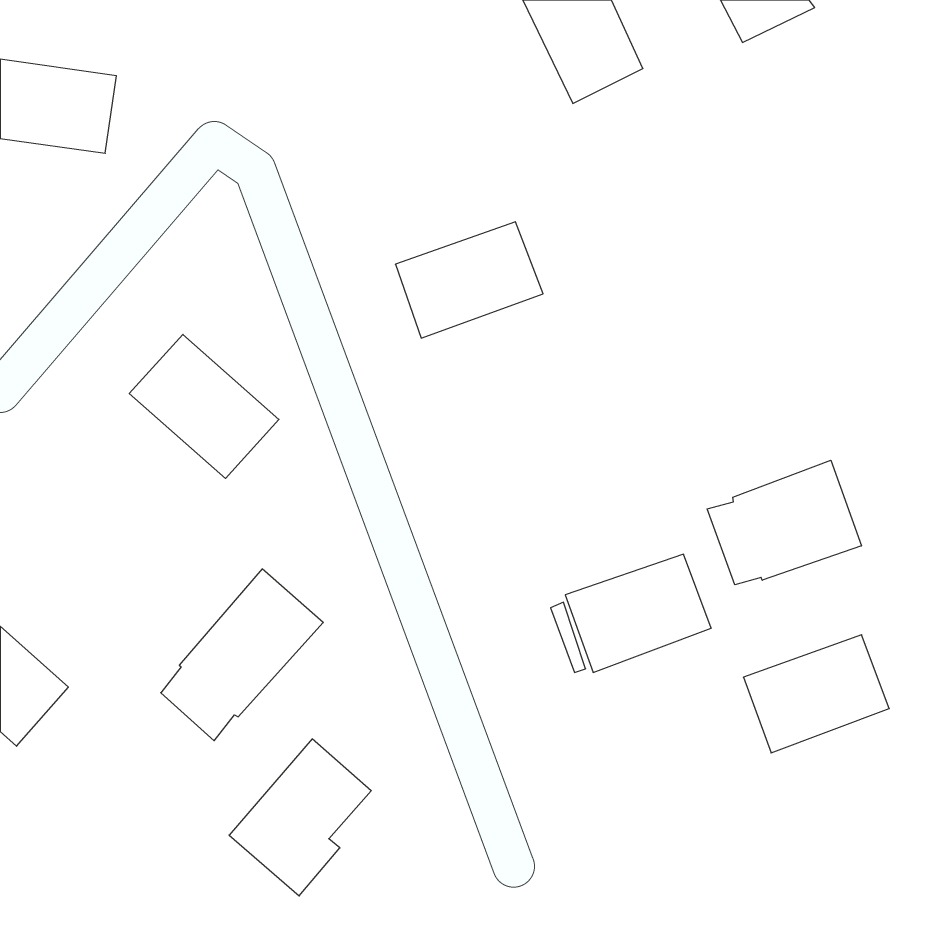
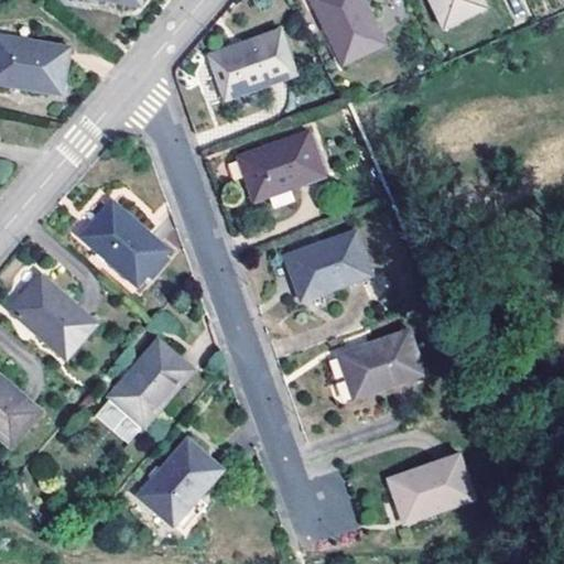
building: none -> [208,28,296,97]
building: none -> [282,230,370,302]
building: none -> [7,273,95,358]
building: [707,460,861,585] -> none
building: [743,635,889,753] -> [387,456,474,527]

